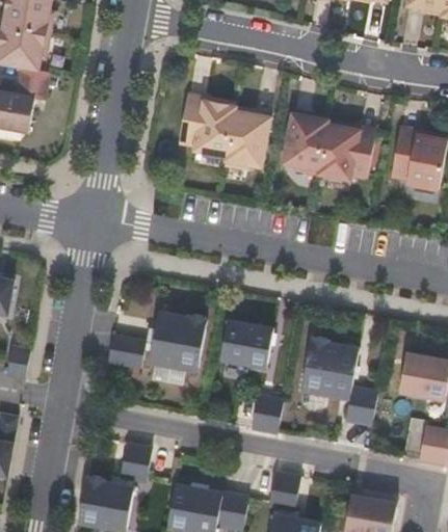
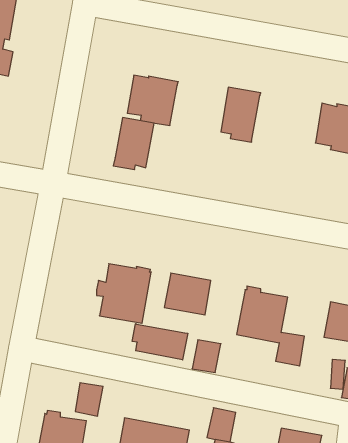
building: [225,110,270,168] -> [113,118,154,170]
building: [318,122,375,179] -> none
building: [107,332,144,366] -> none
building: none -> [132,324,188,360]

